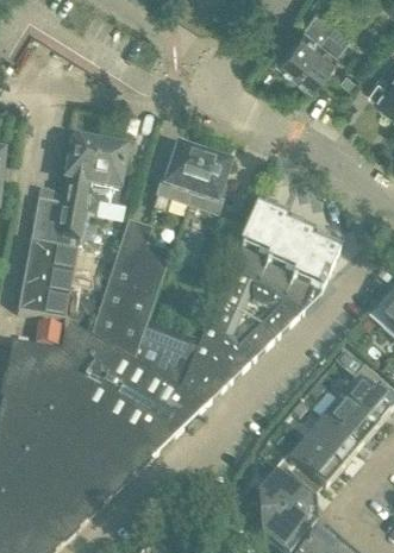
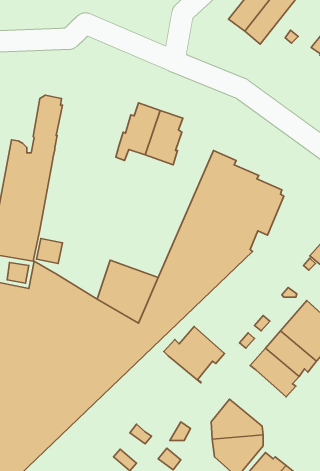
building: [86,142,127,210] -> none
building: [90,219,171,362] -> none
building: [275,439,342,501] -> [164,326,225,383]

